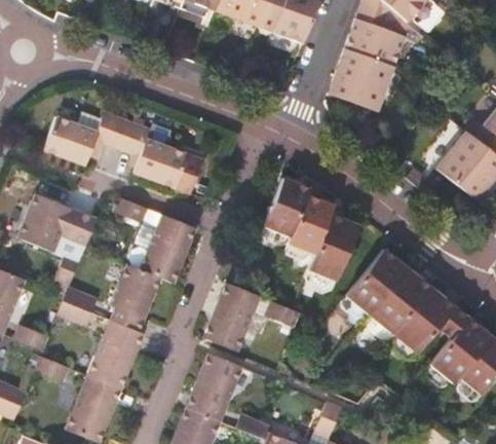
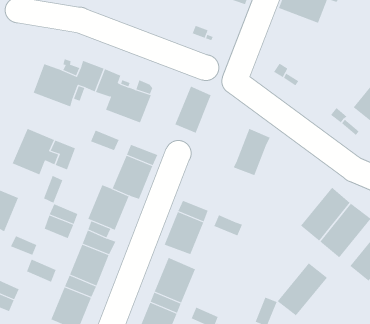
building: [327,47,392,112] -> none
building: [264,178,309,236] -> [174,86,211,134]
building: [308,214,358,281] -> none
building: [346,248,409,313] -> [277,263,328,316]

